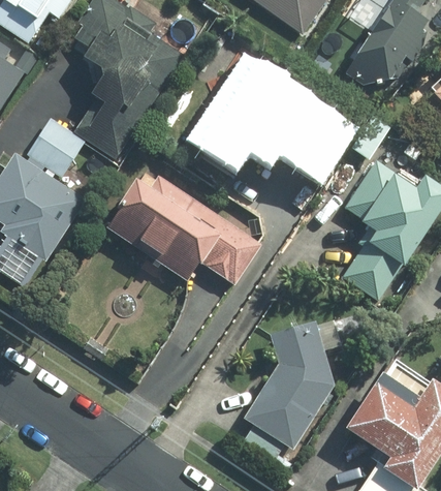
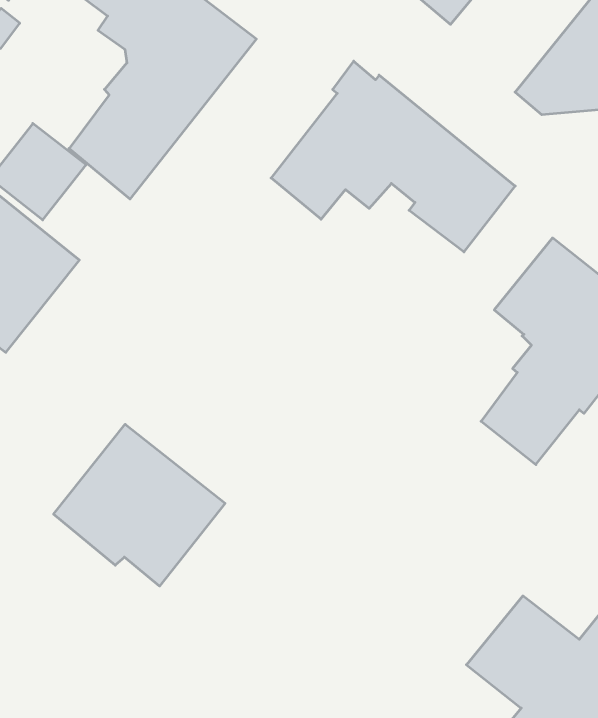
building: [105,173,261,284] -> none
building: none -> [54,424,225,586]
building: [243,319,334,458] -> none

